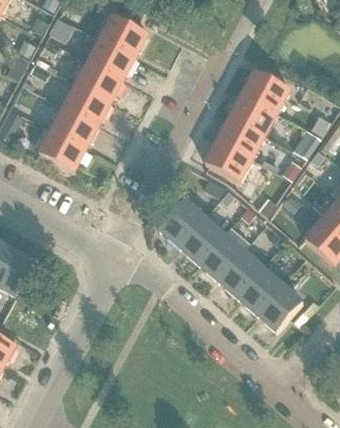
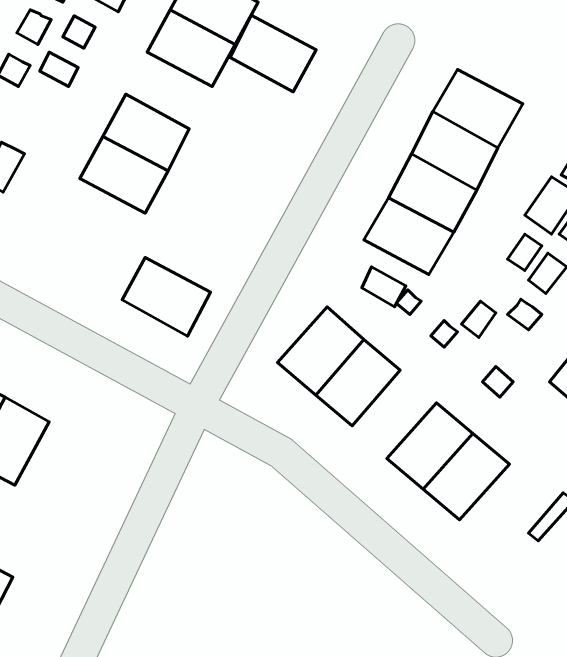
building: [75,61,122,102] -> [230,15,316,92]
building: [38,129,86,172] -> [122,258,210,336]
building: [197,233,243,280] -> none
building: [255,283,302,331] -> none

